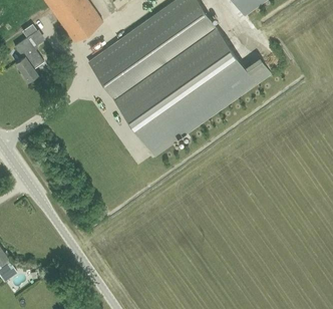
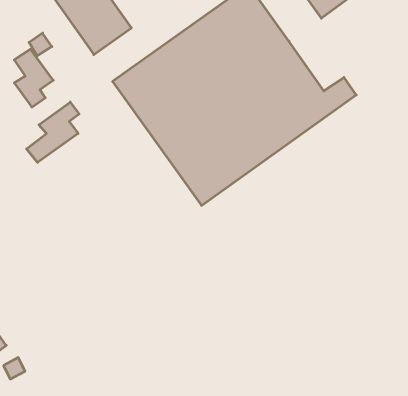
building: none -> [27,102,79,162]

